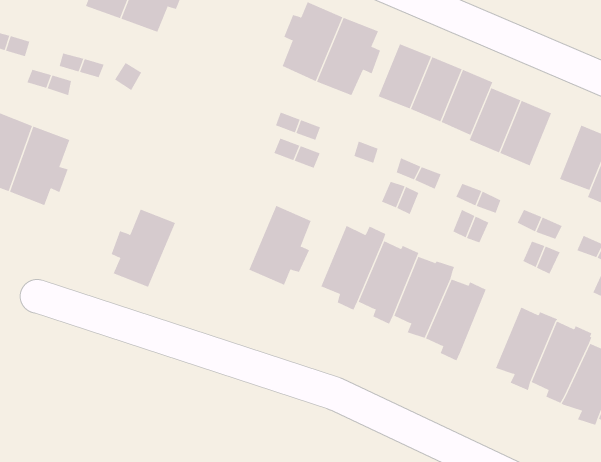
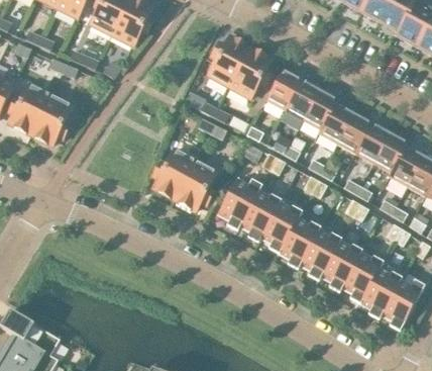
building: none -> [355,121,390,163]
building: [111,209,176,287] -> [152,149,195,198]
building: none -> [300,228,341,280]

